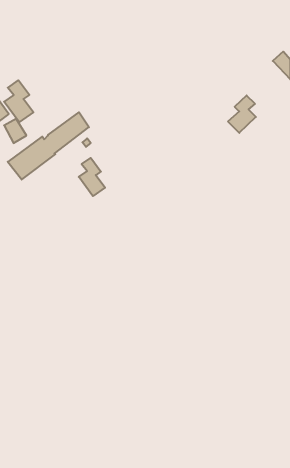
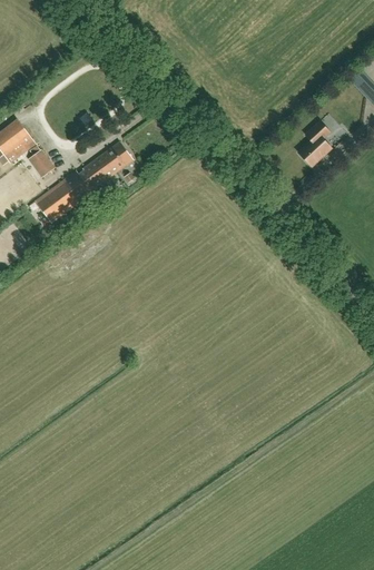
building: [4,80,33,122] -> none
building: [79,158,105,196] -> none

